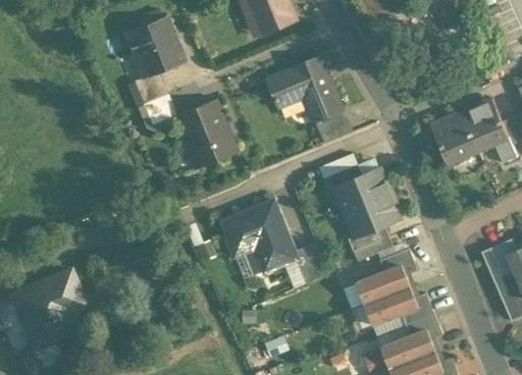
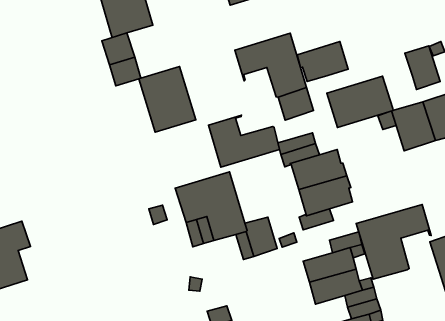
building: none -> [405,46,440,90]
building: none -> [297,41,348,82]
building: none -> [327,76,393,128]
building: none -> [208,115,280,167]
building: none -> [356,204,431,279]

